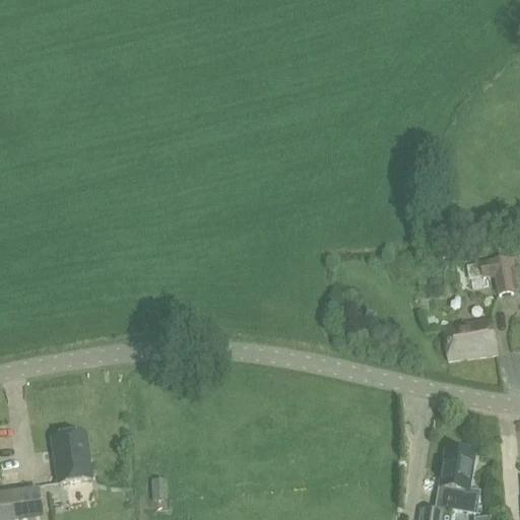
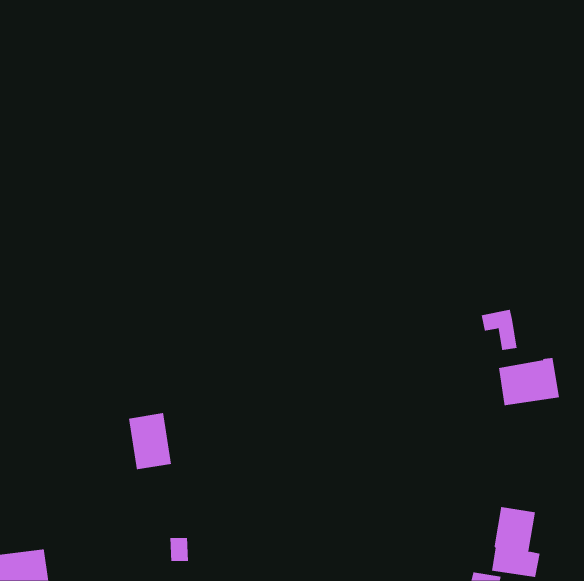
building: [479,257,512,294] -> [481,309,517,351]
building: [52,432,90,482] -> [128,413,172,470]

